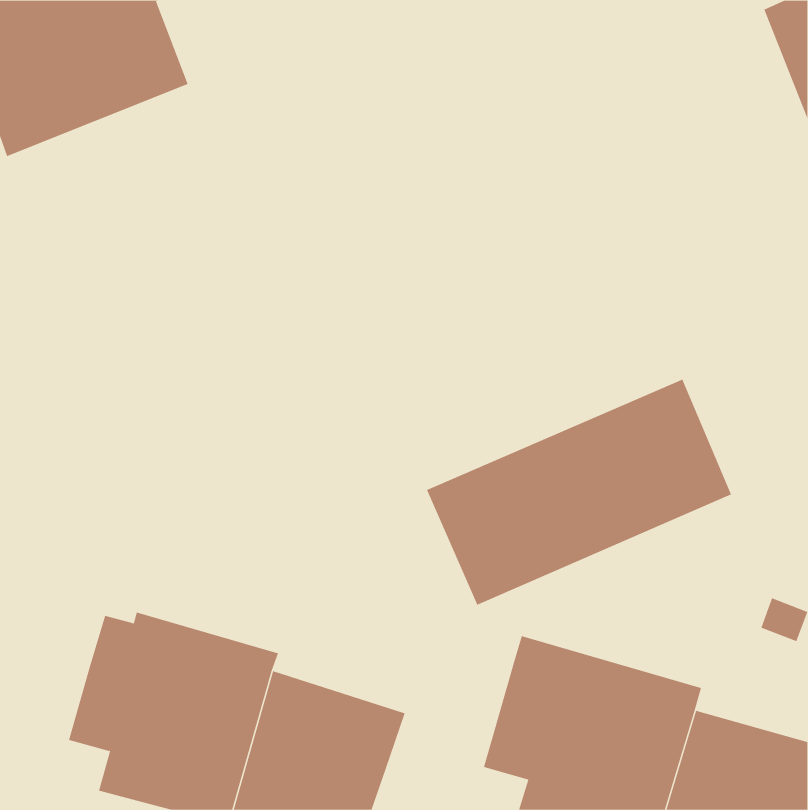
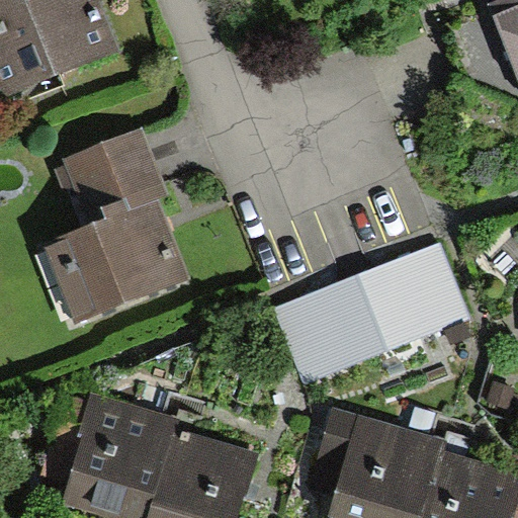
building: none -> [47,130,185,320]

